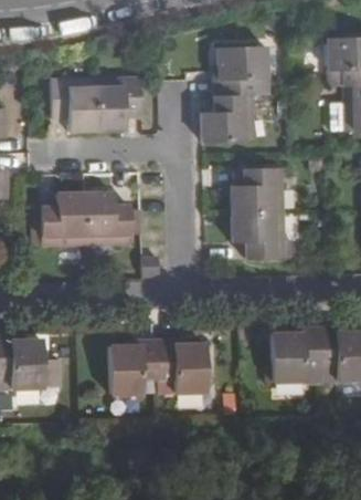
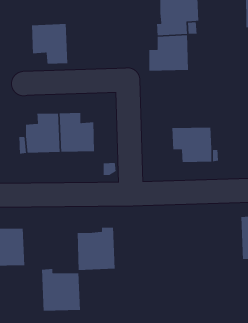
building: [96,77,144,131] -> none
building: [230,165,282,212] -> none
building: [270,326,321,383] -> none
building: [157,338,208,394] -> [41,268,81,311]

